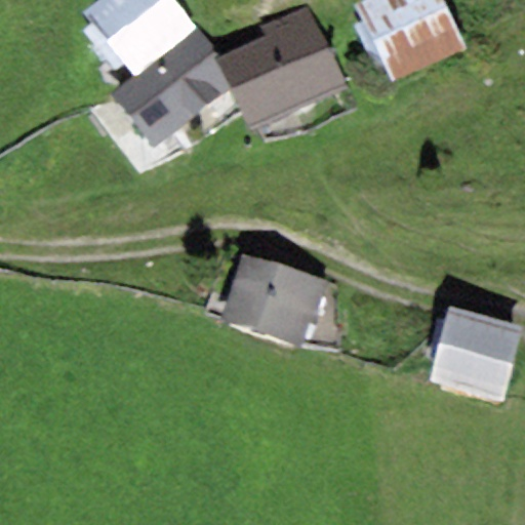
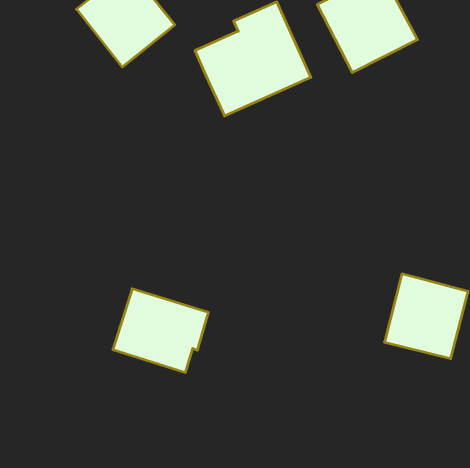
building: [110,28,230,147] -> none
building: [219,253,326,347] -> [113,289,208,372]

